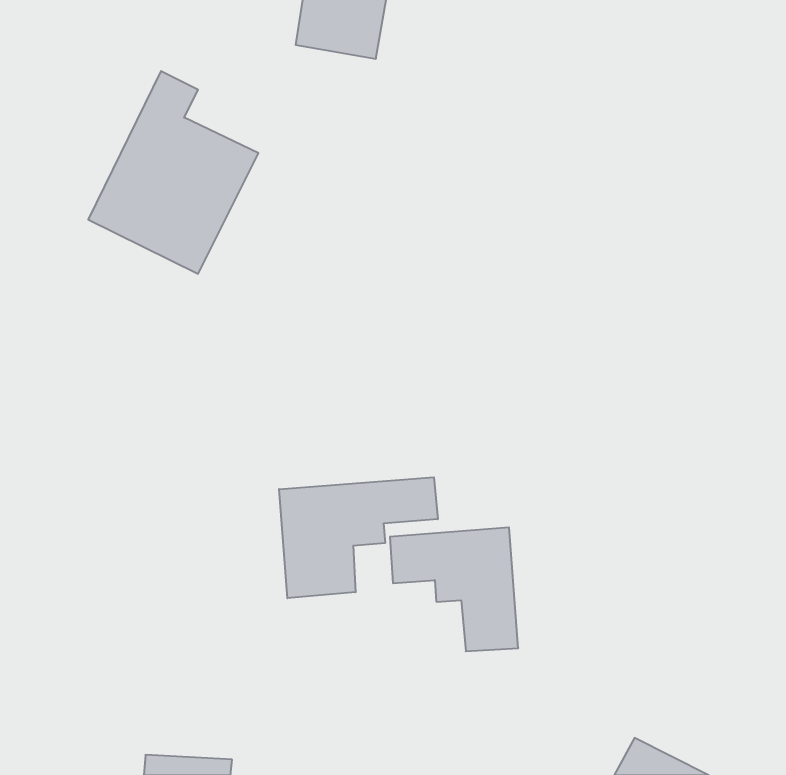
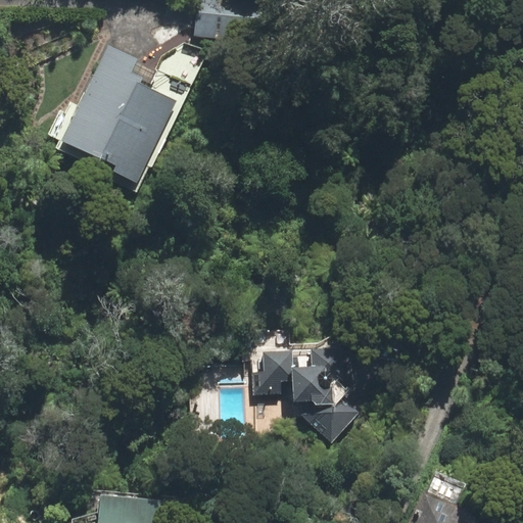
building: [279,477,438,598] -> none

